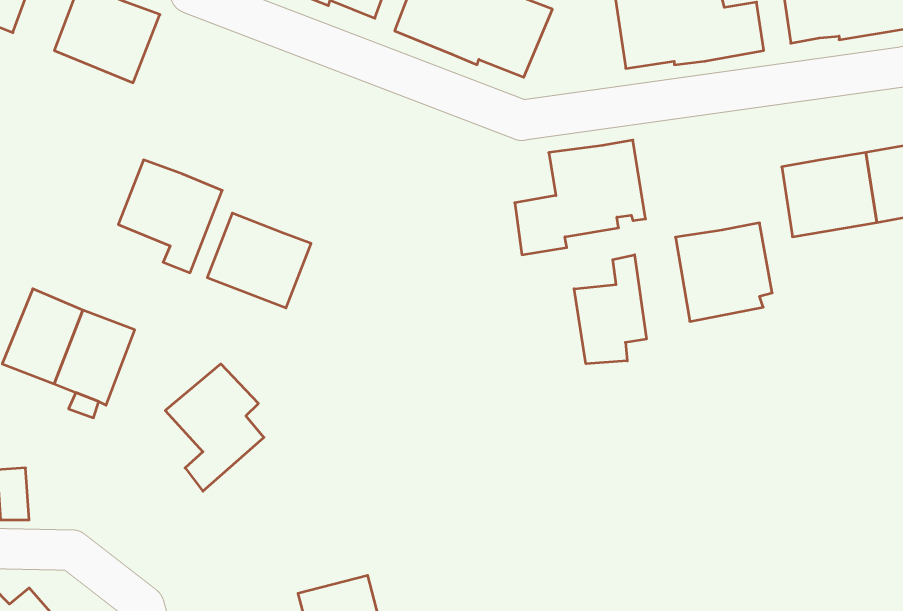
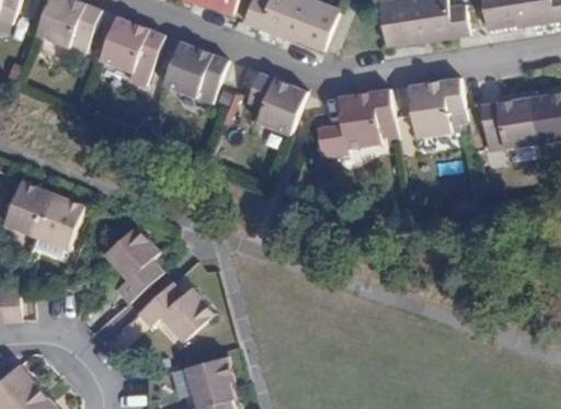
building: none -> [247,75,307,134]
building: [118,160,222,273] -> [100,19,163,88]
building: [207,213,311,308] -> [163,44,227,102]
building: [675,223,772,321] -> [408,77,467,137]
building: [574,255,646,364] -> none
building: none -> [136,281,215,342]

